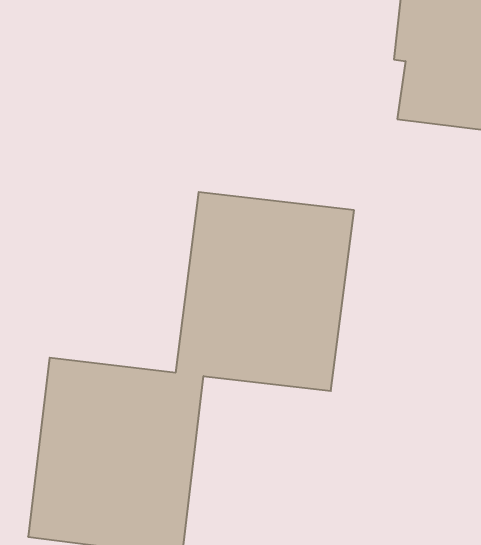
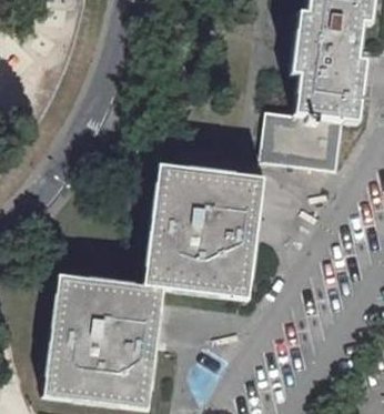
building: none -> [260,114,340,171]

